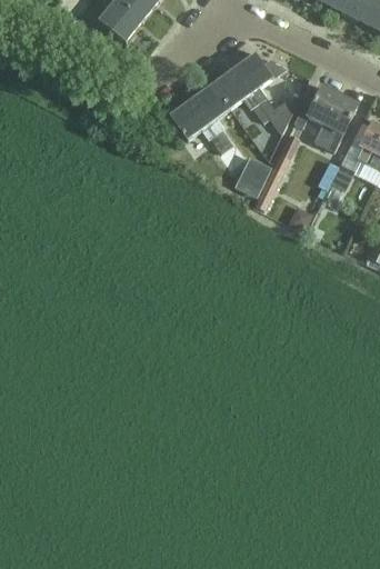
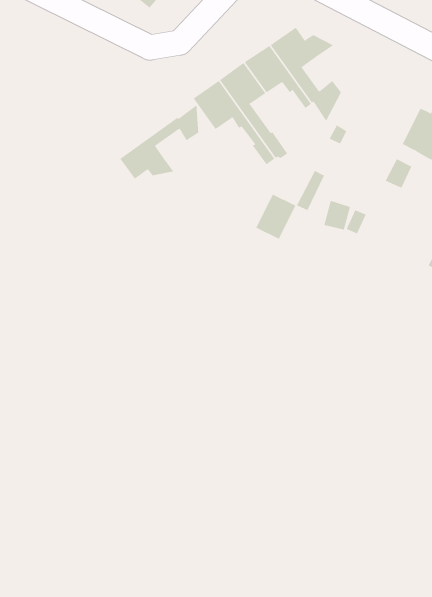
building: [293,86,358,151] -> none
building: none -> [119,104,199,179]
building: [237,158,271,197] -> [256,194,296,239]

